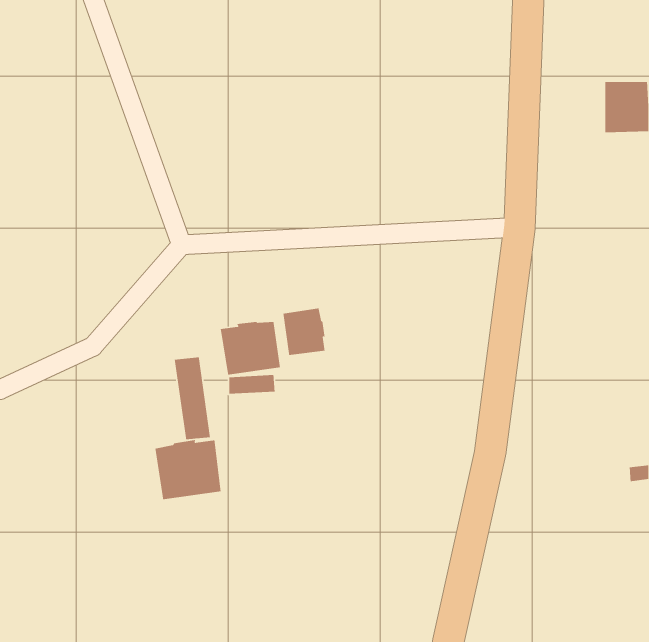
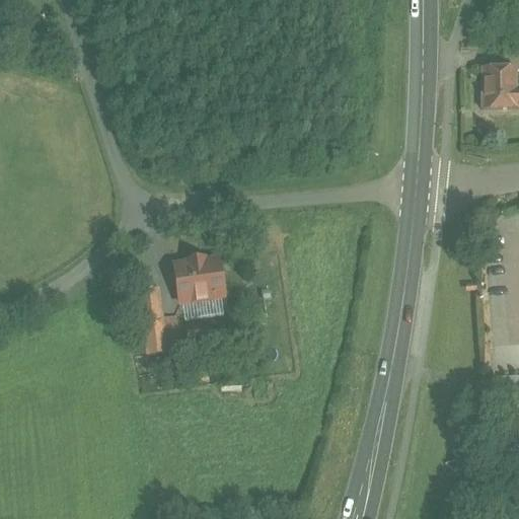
building: [283,308,326,356] -> none
building: [155,439,221,500] -> none

